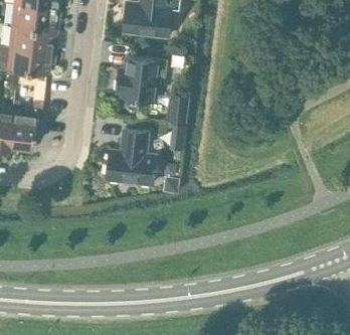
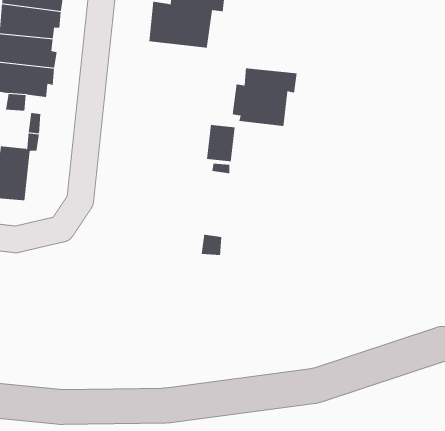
building: [118,57,167,102] -> [232,68,297,127]
building: [107,129,159,186] -> none

